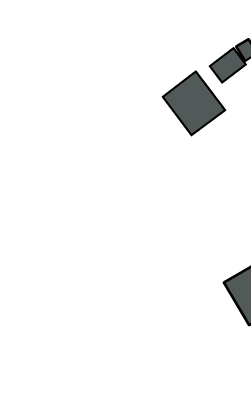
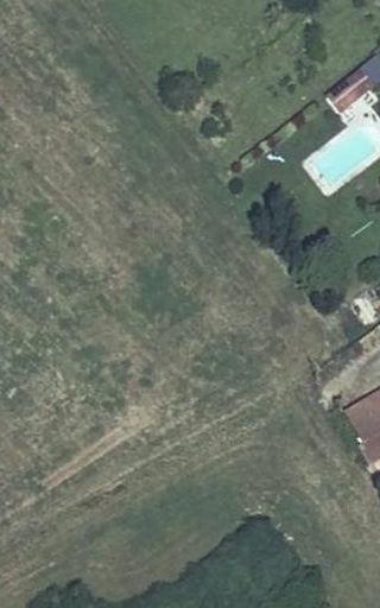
building: [163,72,225,135] -> none

